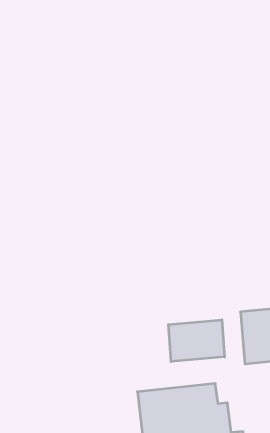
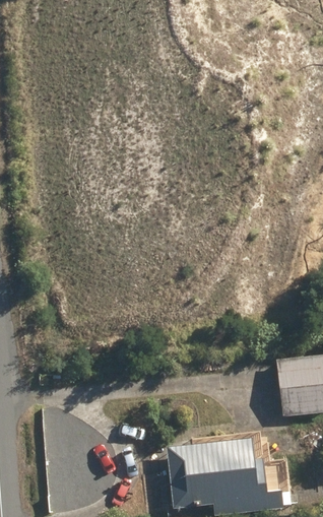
building: [168,320,225,362] -> none

